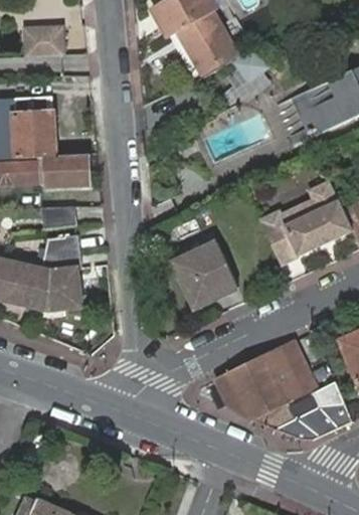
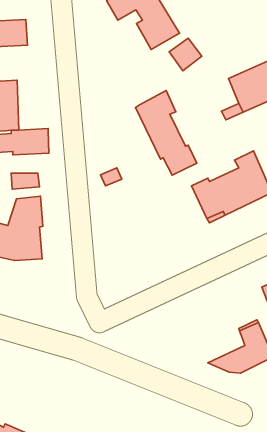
building: none -> [136,91,197,175]
building: [171,240,235,307] -> none
building: [215,341,318,428] -> none

